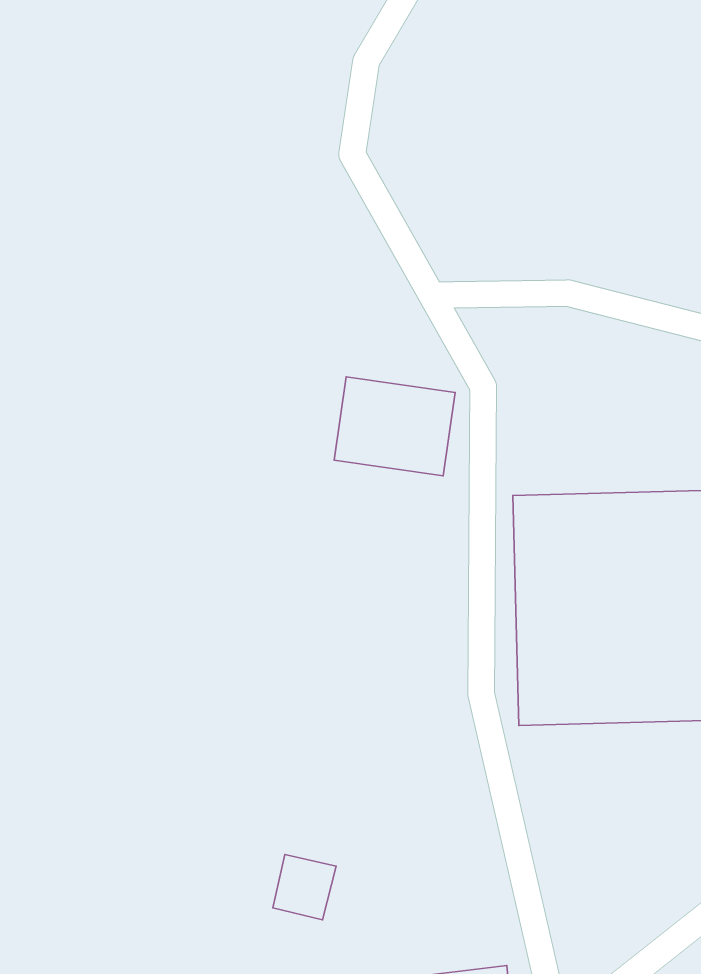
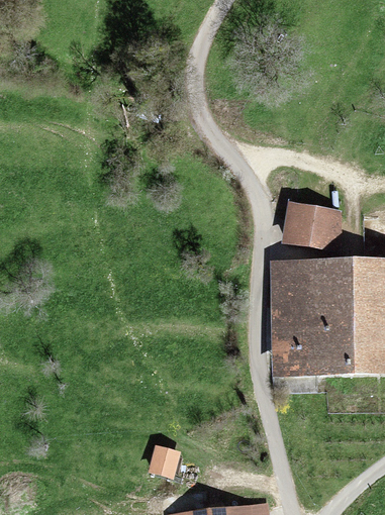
building: [334,377,455,476] -> [282,201,344,251]

